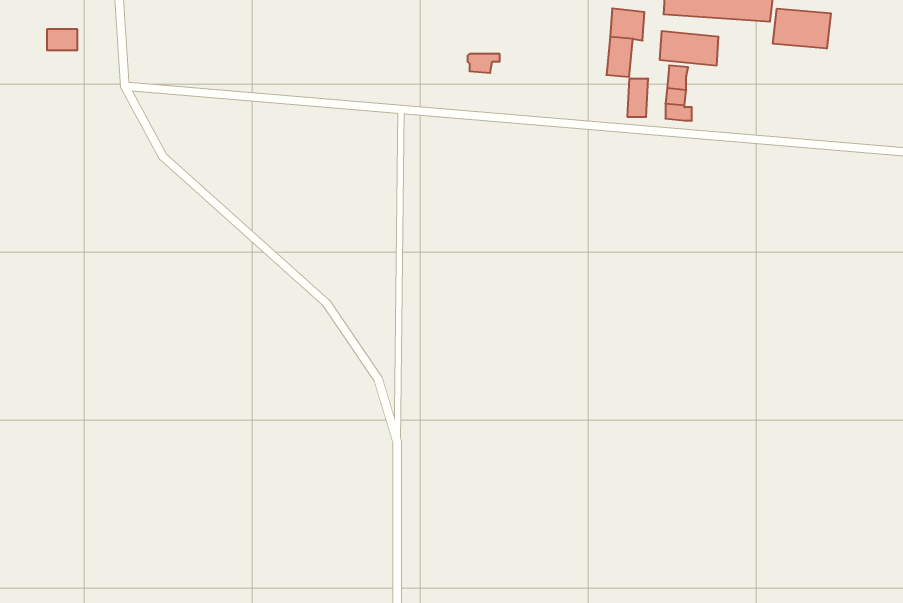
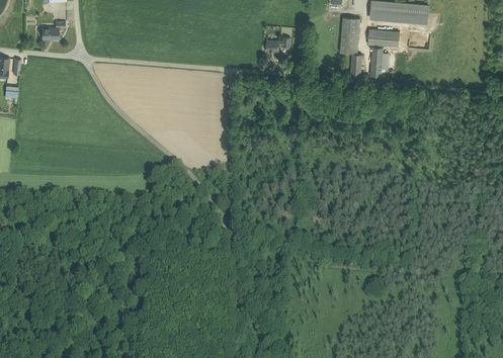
building: [773,9,831,49] -> none

